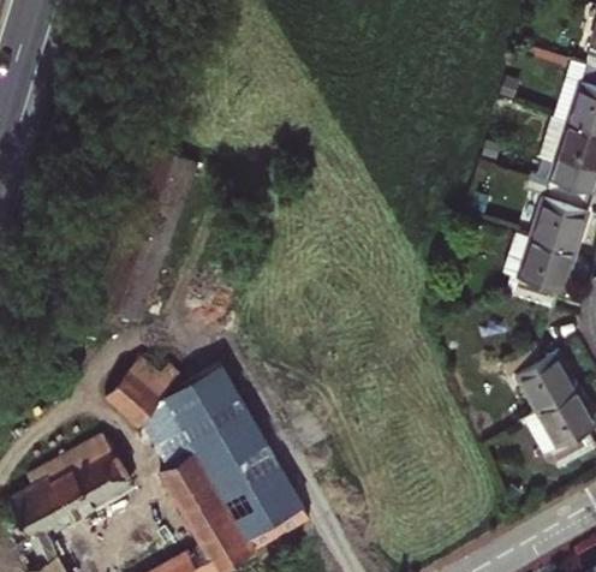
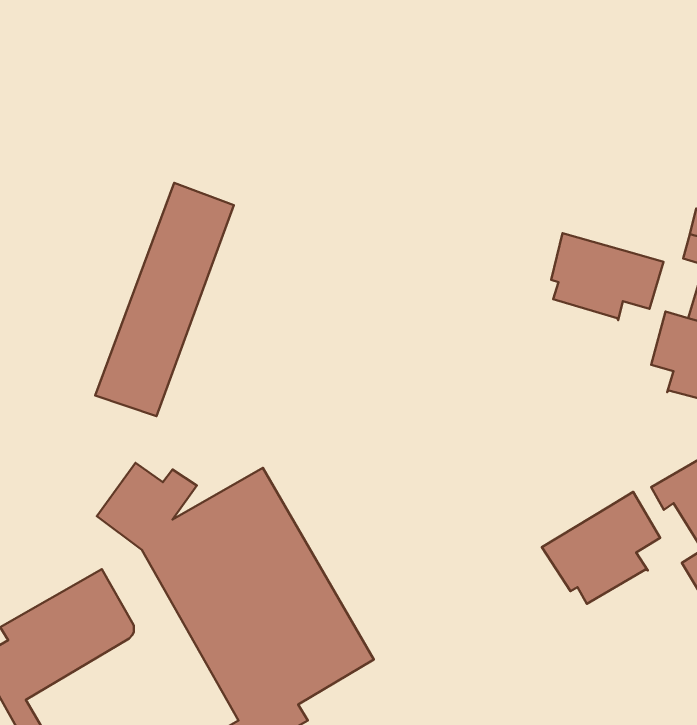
building: none -> [551,233,663,320]
building: none -> [542,492,660,604]

